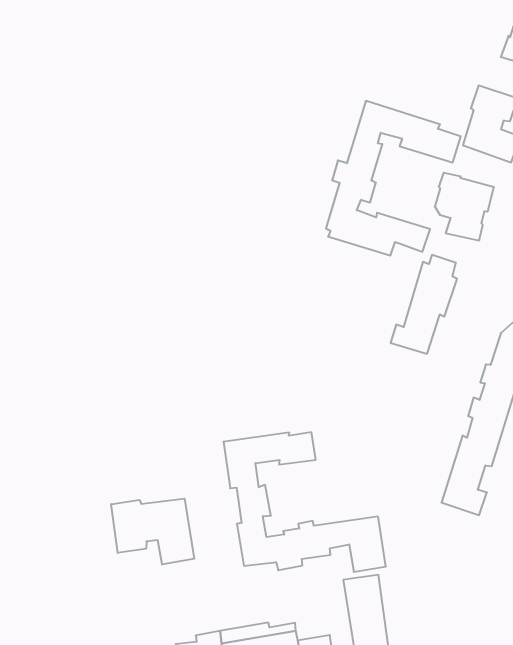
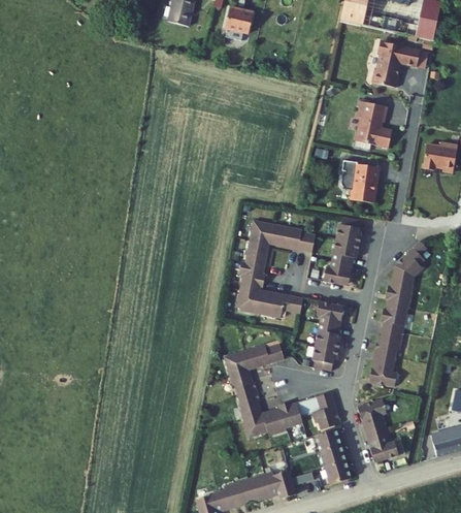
building: [326,101,461,256] -> [236,217,317,316]
building: none -> [311,299,344,365]
building: [111,499,194,565] -> none
building: none -> [357,399,398,462]

